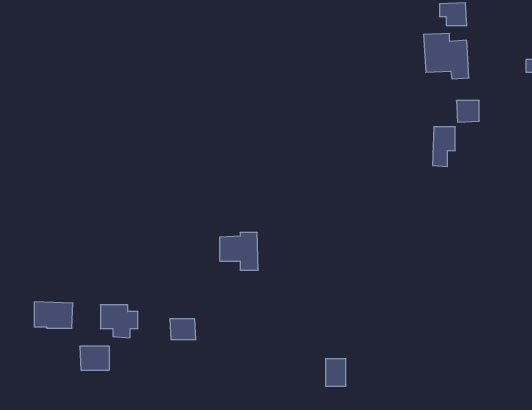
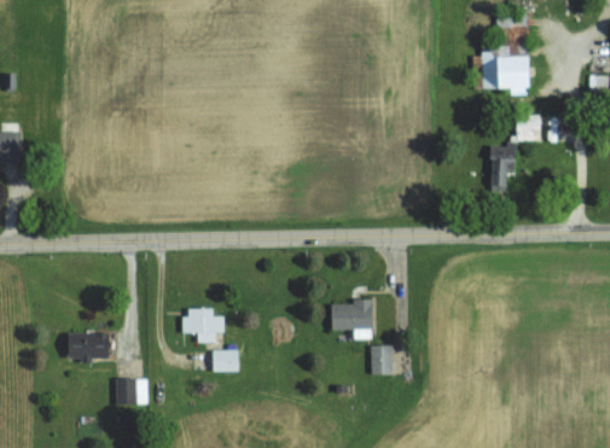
building: [220,233,258,270] -> [332,299,373,339]
building: [100,305,138,338] -> [185,308,225,343]
building: [325,359,346,386] -> [372,345,394,374]

